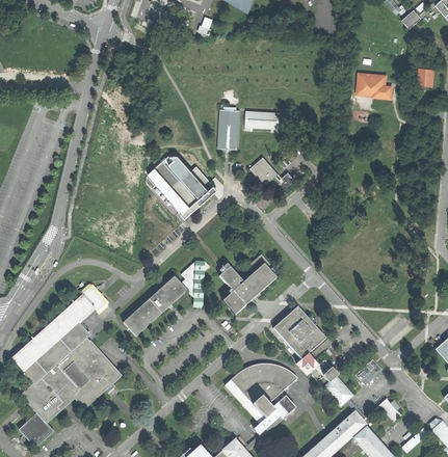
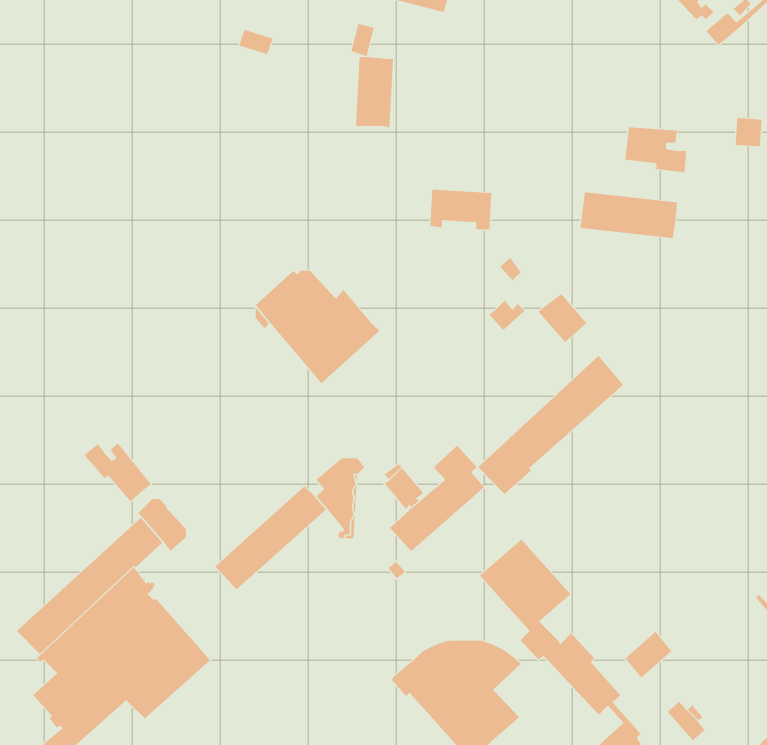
building: [217,109,239,150] -> [355,57,394,128]
building: none -> [580,192,678,239]
building: [248,157,276,185] -> [537,293,587,343]
building: none -> [477,355,624,495]
building: none -> [84,442,152,502]

